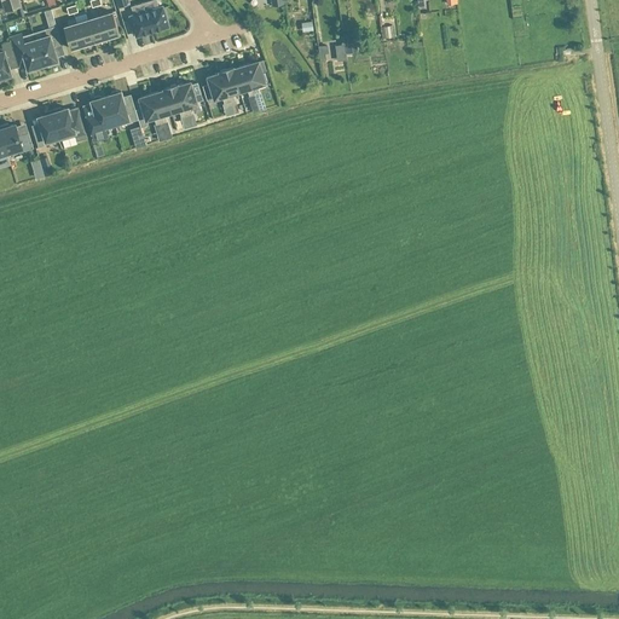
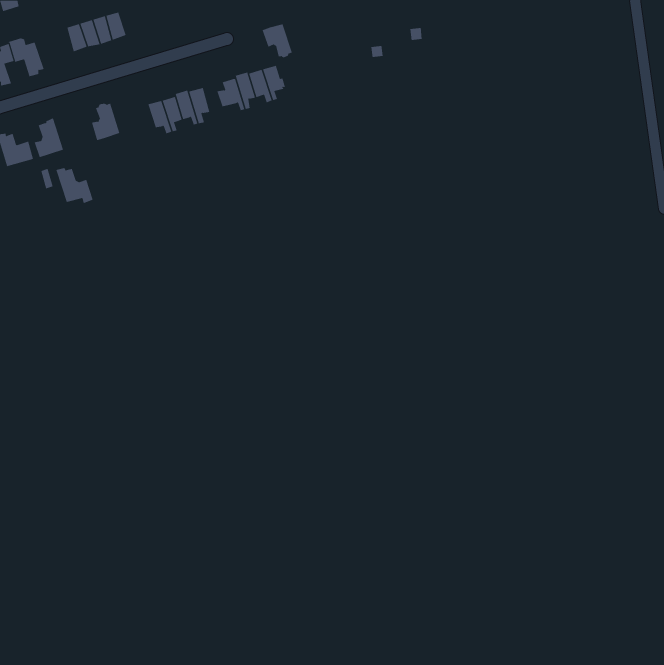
building: [127,7,166,36] -> none
building: none -> [262,23,293,58]
building: [33,25,60,68] -> none
building: [103,91,137,125] -> none
building: [50,108,85,141] -> [56,167,93,204]

